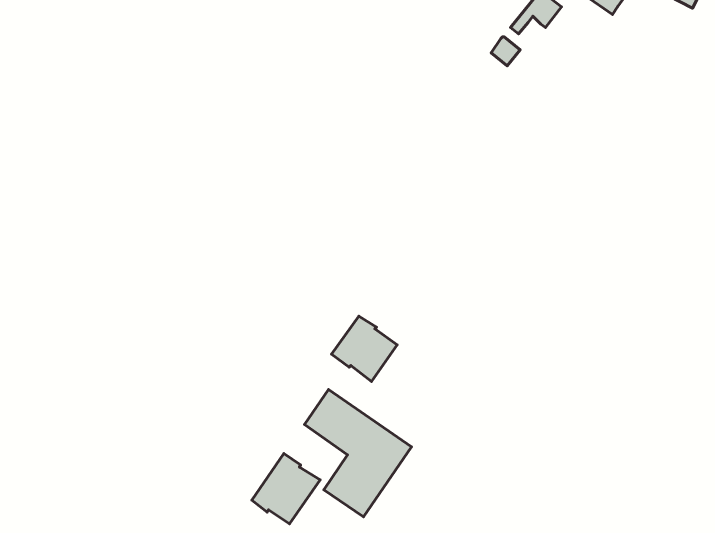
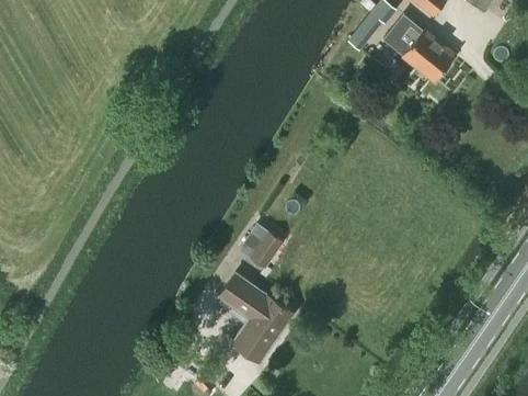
building: none -> [383,14,456,81]
building: [252,454,320,524] -> none

